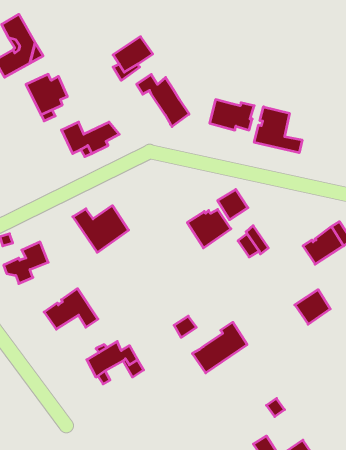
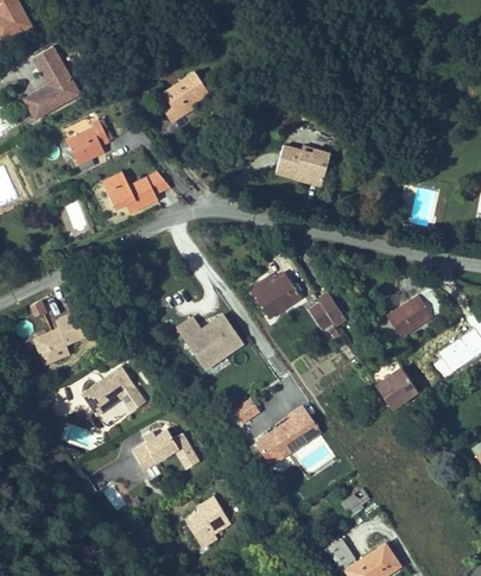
building: [137,74,189,127] -> none
building: [254,107,302,153] -> none
building: [218,189,248,220] -> none
building: [73,206,129,252] -> [177,315,242,369]
building: none -> [184,496,230,547]

